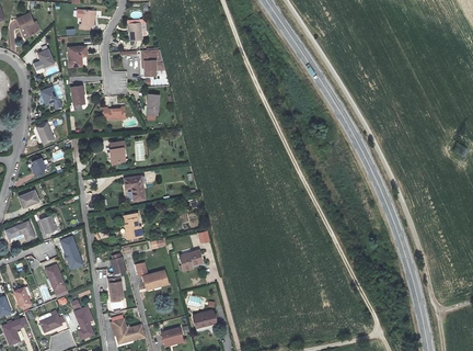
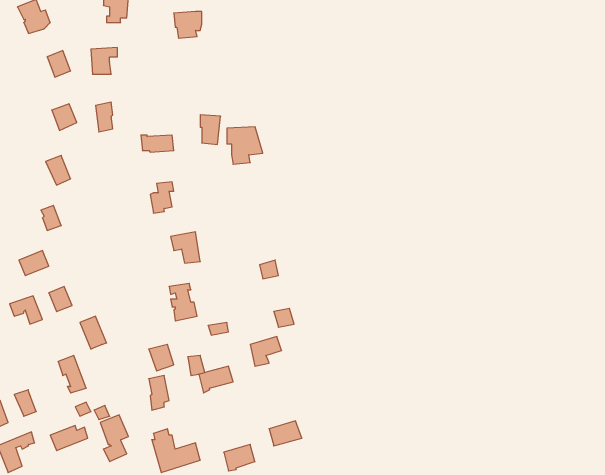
building: [139,49,164,76] -> [227,127,263,164]

